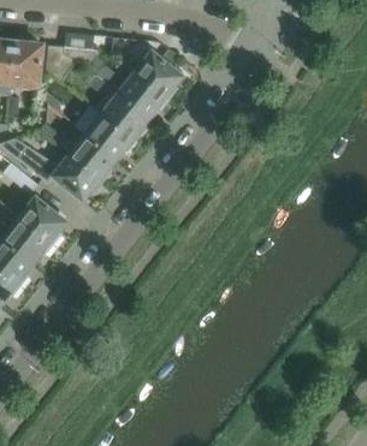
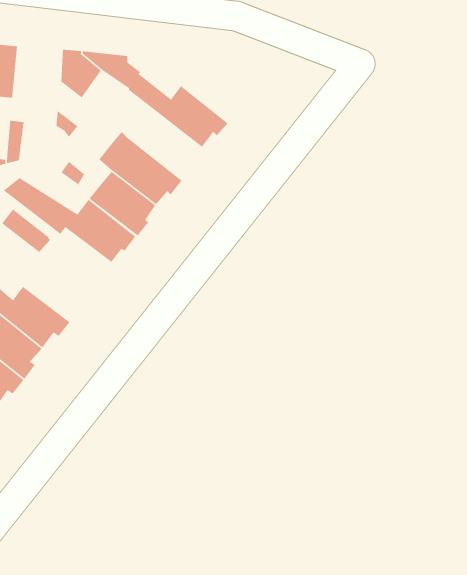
building: [11,41,42,84] -> none
building: [134,52,183,100] -> none
building: [88,76,149,142] -> none
building: [18,197,66,245] -> none

